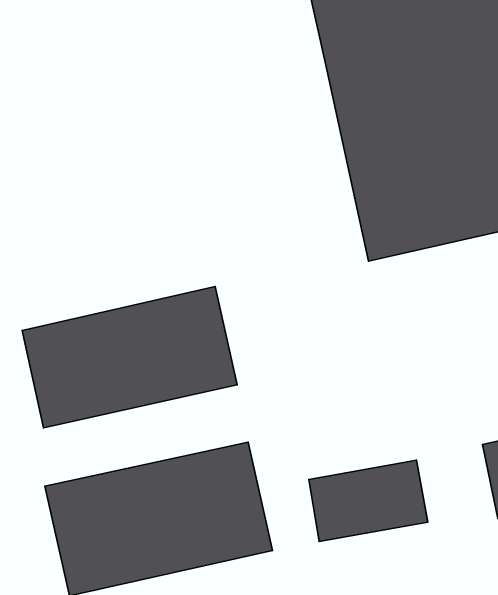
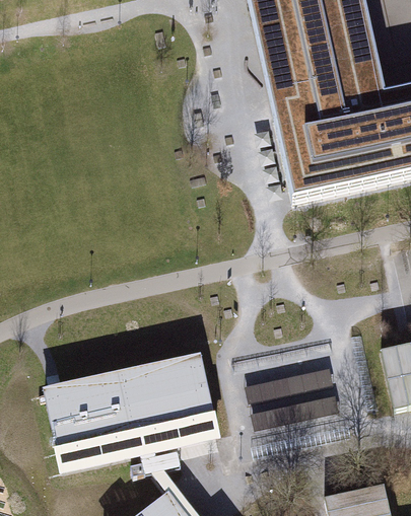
building: [22,287,237,428] -> none

